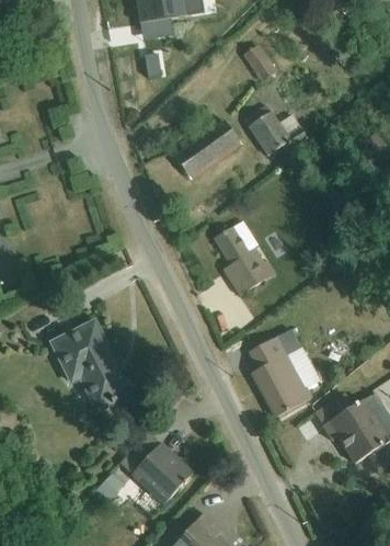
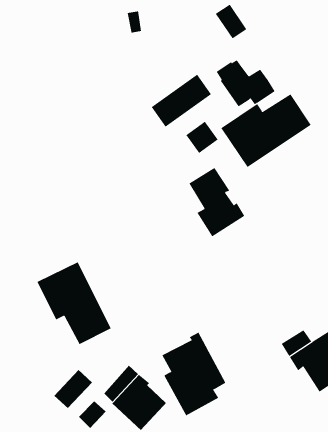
building: none -> [220,94,311,168]
building: none -> [185,121,219,154]
building: [250,326,320,417] -> [161,332,226,416]
building: none -> [54,369,93,409]

